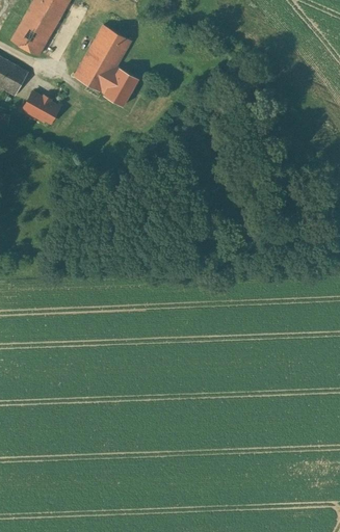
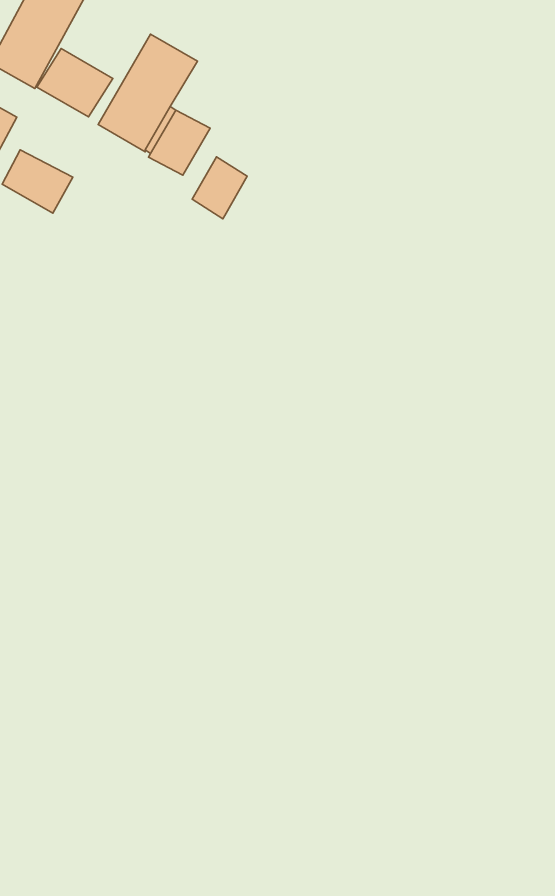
building: none -> [37,48,113,117]
building: none -> [192,157,247,219]

